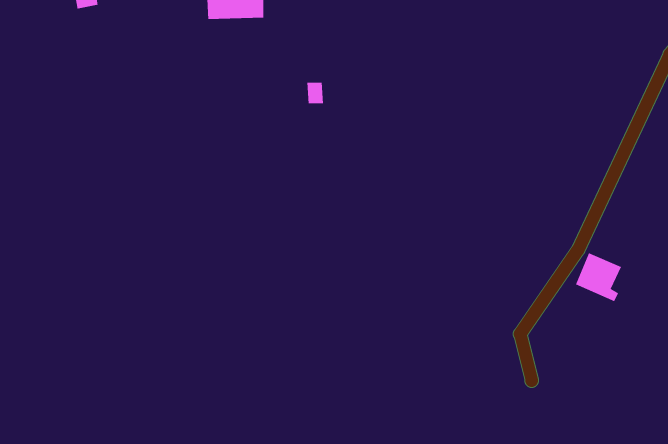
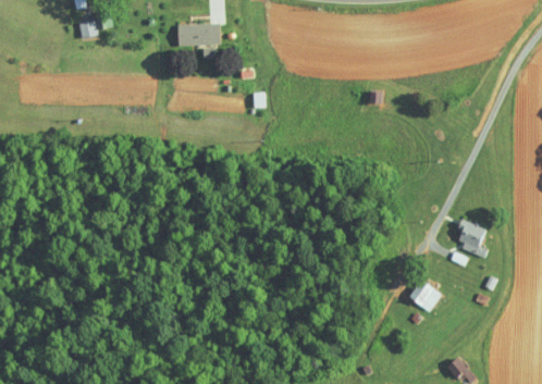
building: none -> [410,281,441,310]

